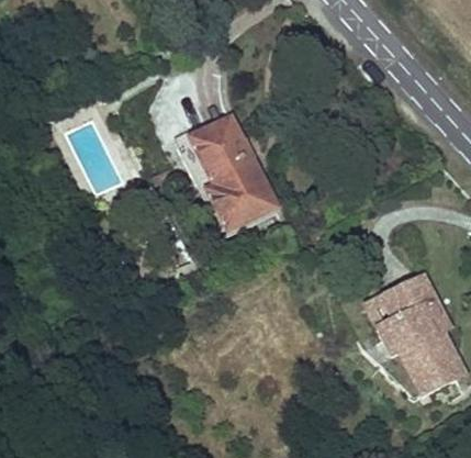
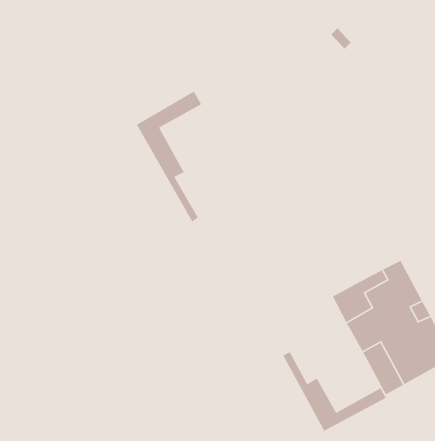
building: [199,125,283,232] -> none
building: none -> [282,351,387,432]

